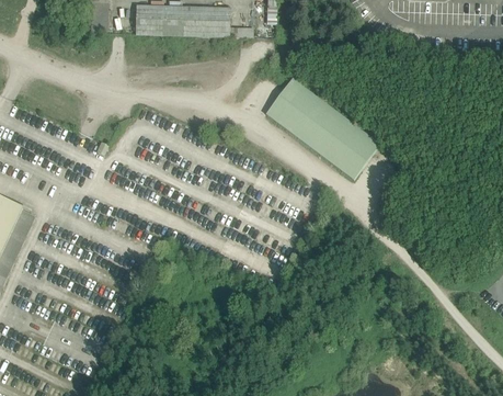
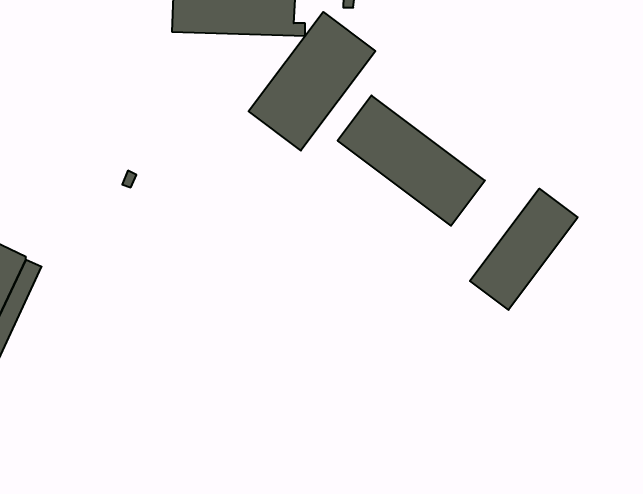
building: none -> [249,12,375,151]
building: none -> [470,189,578,310]

